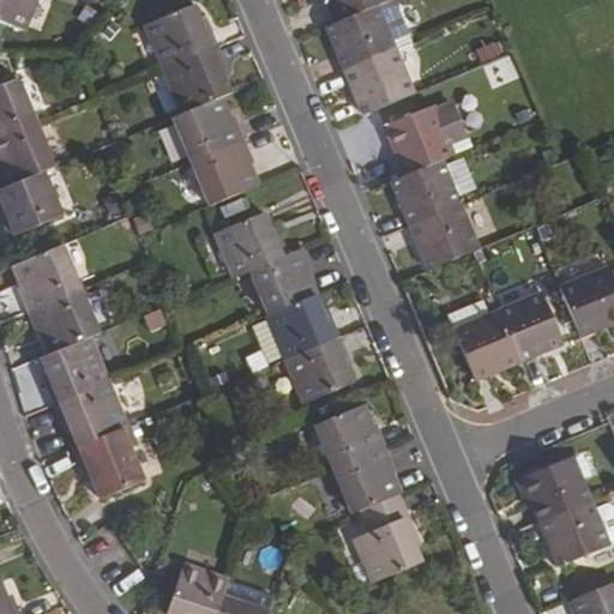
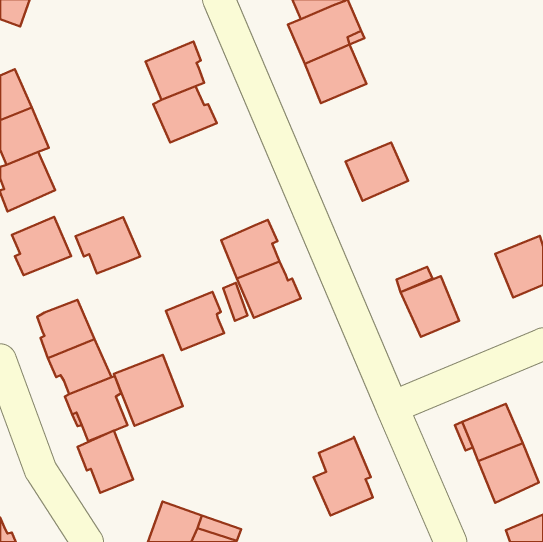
building: [145,5,218,70] -> none
building: [384,104,453,176] -> none
building: [192,139,258,206] -> none
building: [409,204,478,270] -> none
building: [217,213,288,277] -> none
building: [26,289,100,353] -> [75,217,140,273]
building: [498,293,562,362] -> none
building: [287,337,353,403] -> [166,292,224,350]
building: none -> [114,355,183,426]
building: [314,405,399,513] -> none
building: none -> [77,431,133,493]

